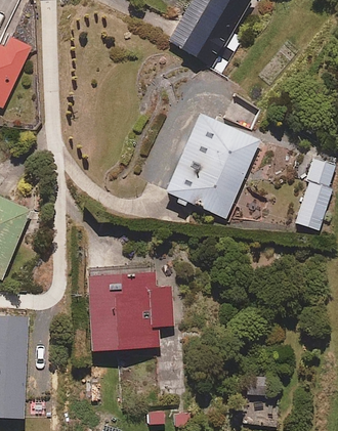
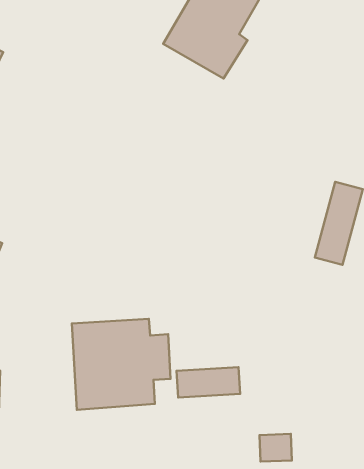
building: [166,114,258,217] -> none
building: none -> [177,367,240,398]

